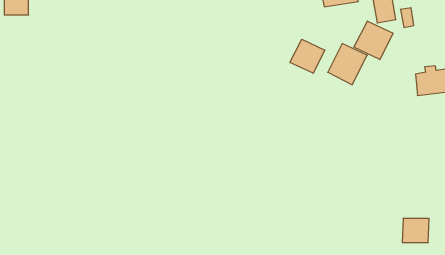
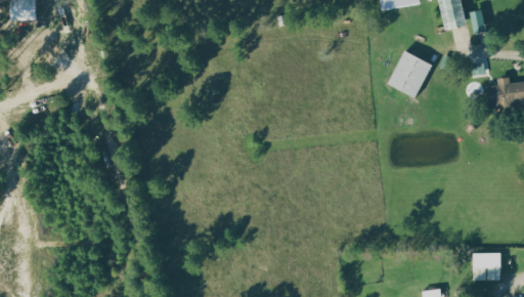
building: [354,21,393,60] -> none
building: [290,39,325,73] -> none

